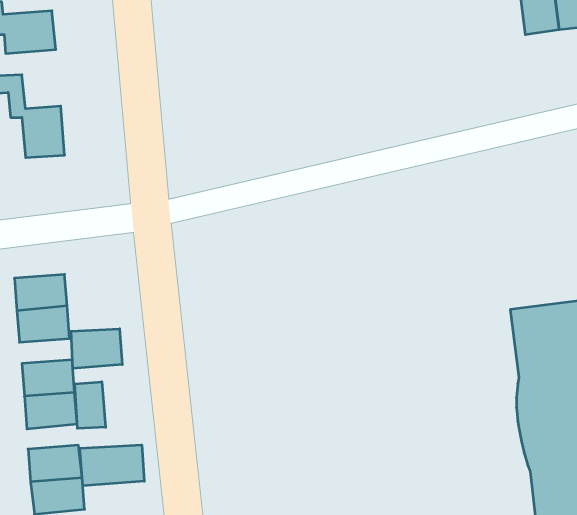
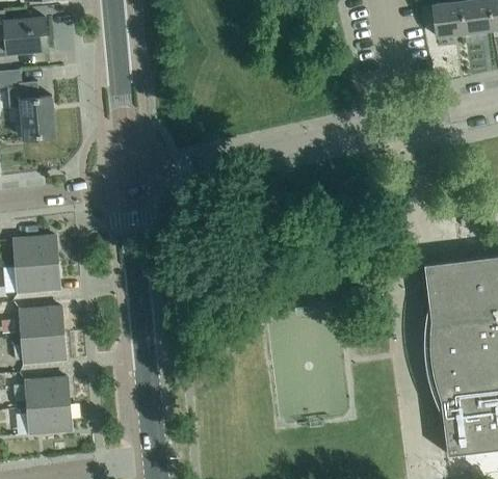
building: [71,329,122,369] -> none
building: [75,382,106,428] -> none
building: [80,445,144,486] -> none

